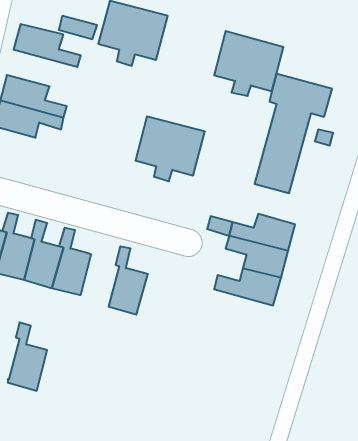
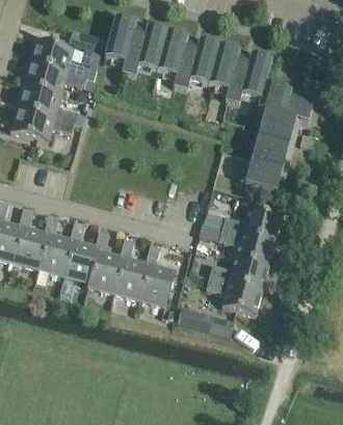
building: none -> [23,61,86,95]
building: [135,116,205,181] -> [157,31,219,89]
building: none -> [139,244,176,306]
building: none -> [206,276,262,315]
building: [8,322,47,391] -> [88,231,124,292]
building: none -> [178,307,235,338]

